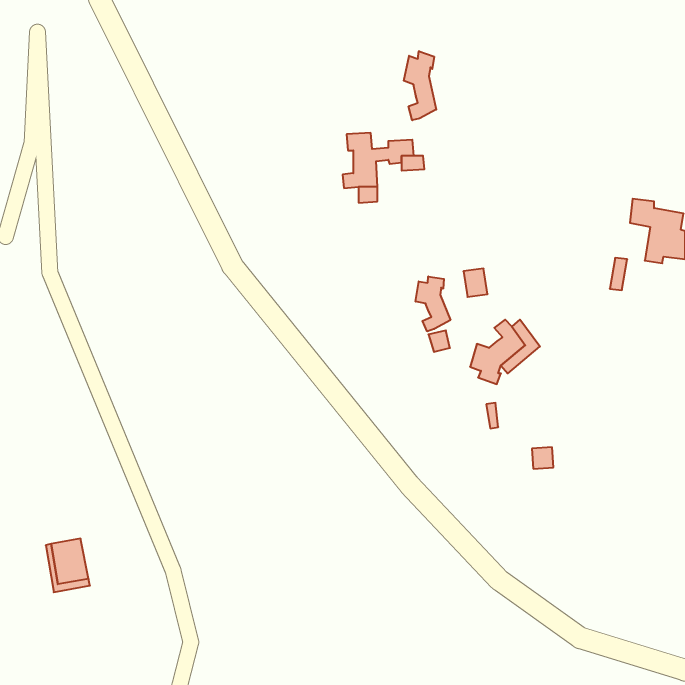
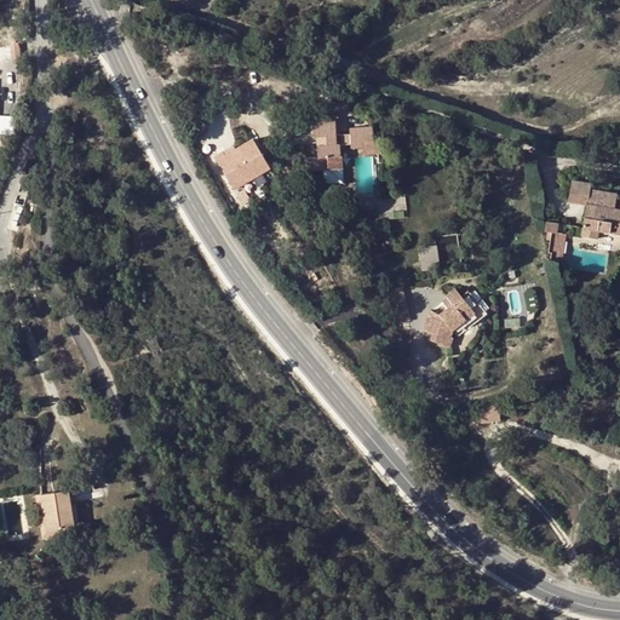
building: [404,51,436,120] -> none
building: none -> [212,140,268,191]
building: [416,276,450,331] -> none

